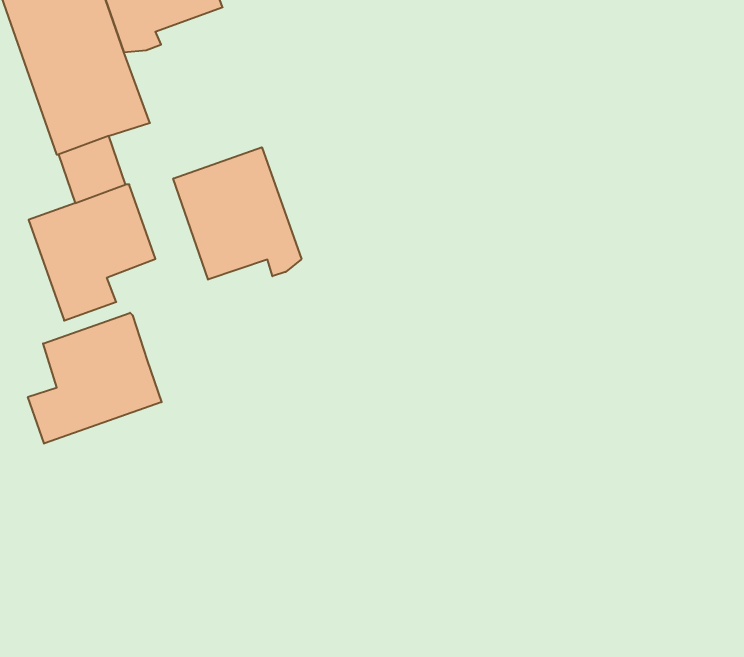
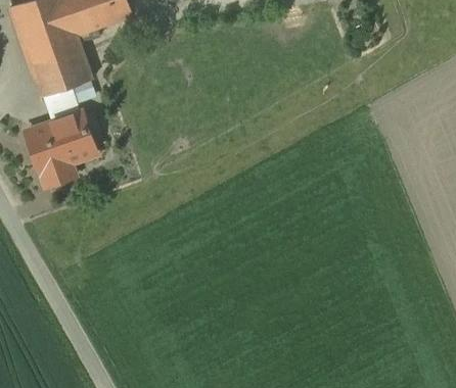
building: [173,147,301,280] -> none
building: [28,313,162,444] -> none

